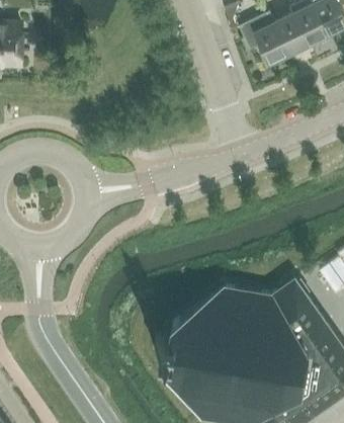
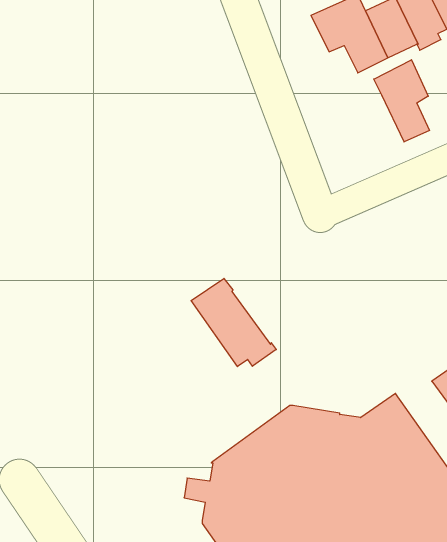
building: none -> [374,60,429,142]
building: none -> [191,278,276,367]

